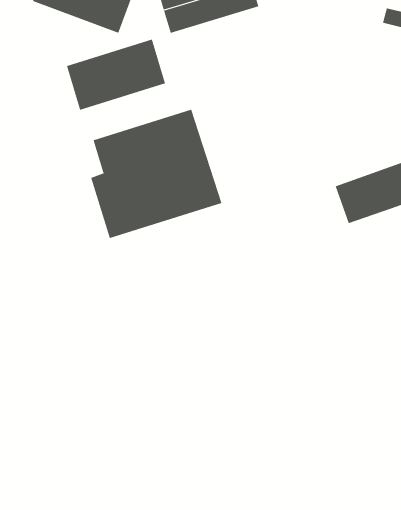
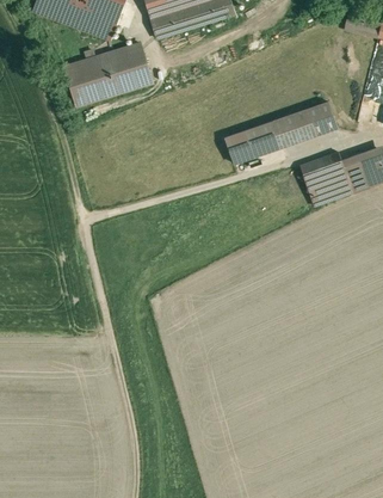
building: none -> [226,102,338,164]
building: [91,109,222,239] -> none

